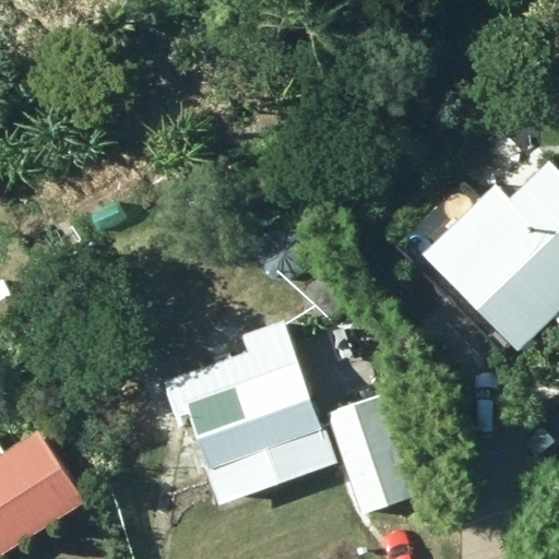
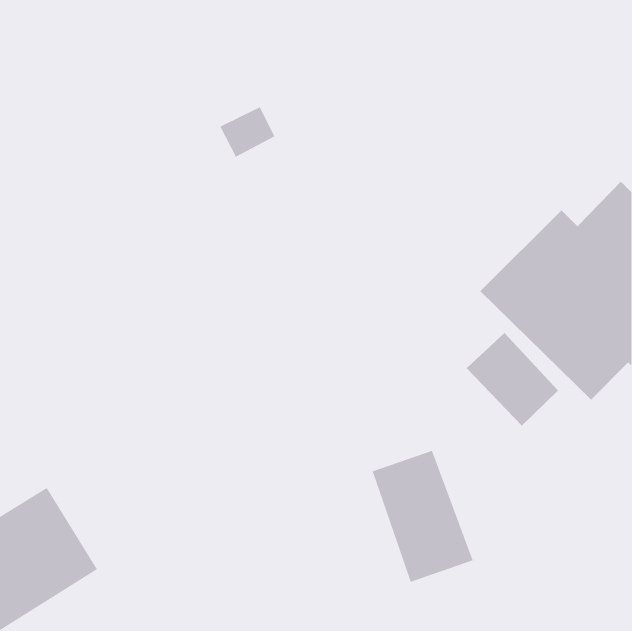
building: [164,320,336,506] -> none

